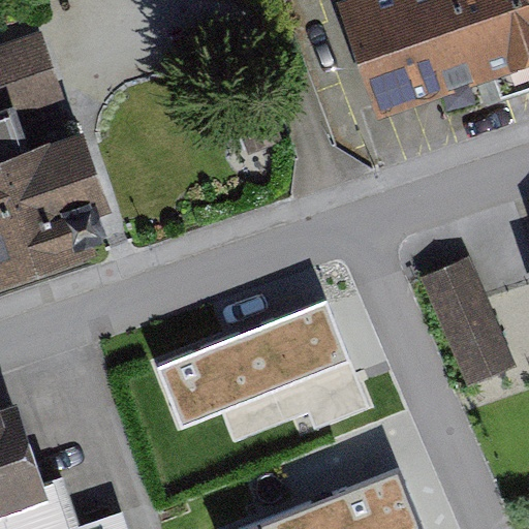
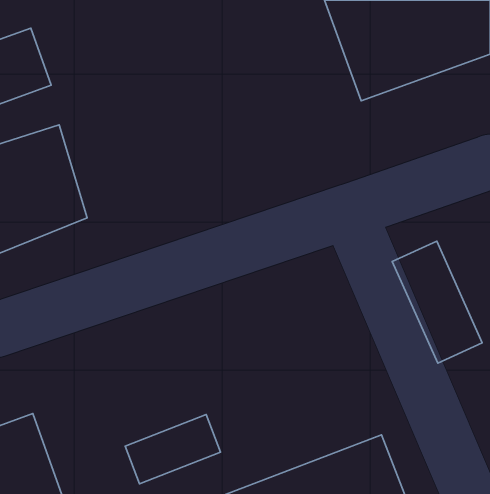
building: [166,295,377,440] -> none
building: none -> [125,415,221,484]

